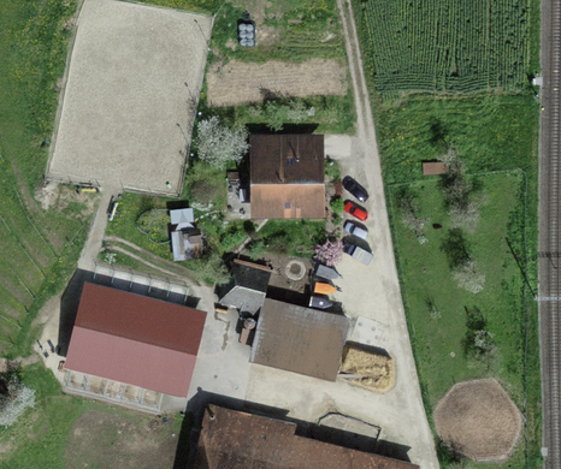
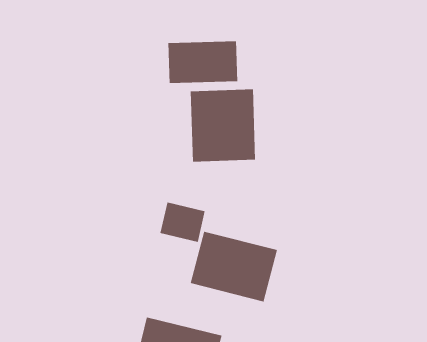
building: none -> [168,41,238,84]
building: [65,287,195,384] -> none

